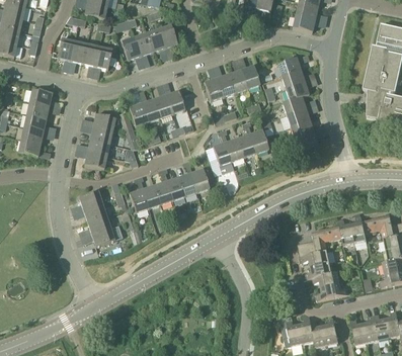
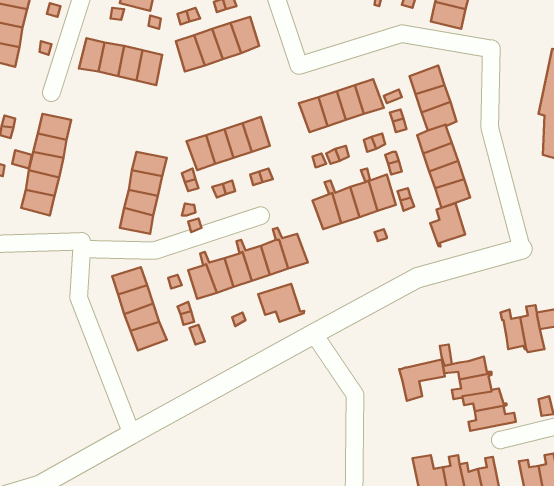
building: none -> [430,203,465,247]
building: none -> [258,284,304,322]
building: [312,226,342,253] -> [399,360,445,401]

